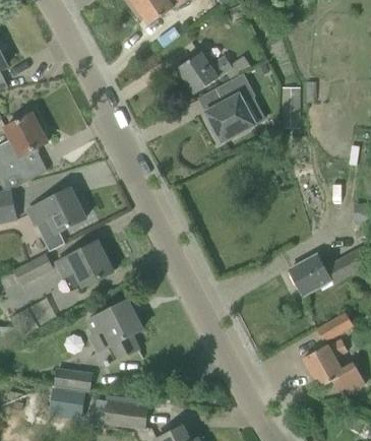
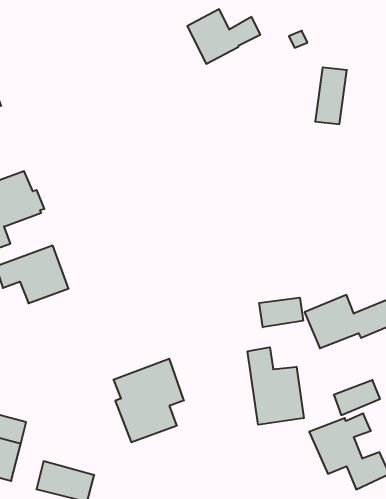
building: [205,73,255,142] -> none
building: none -> [259,298,303,327]
building: none -> [248,347,304,425]
building: [87,300,141,365] -> [113,359,184,442]

